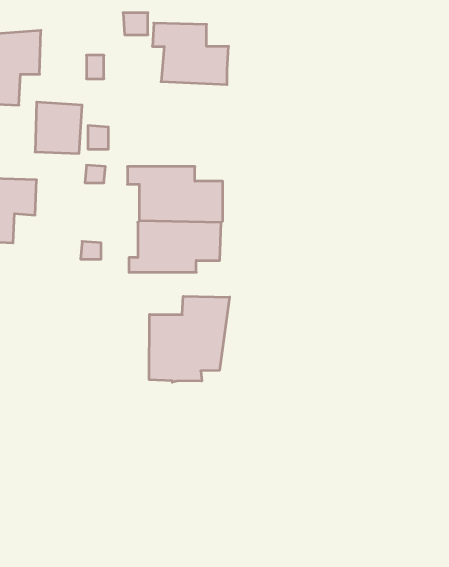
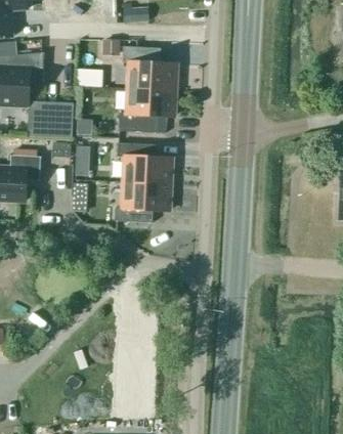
building: none -> [119,87,175,132]
building: [149,296,230,382] -> none

